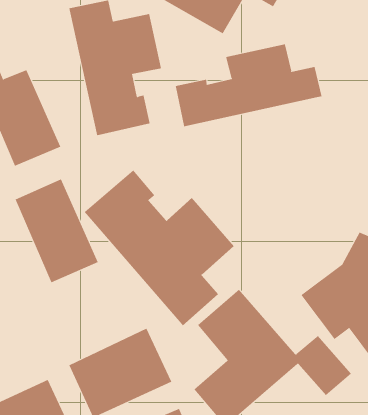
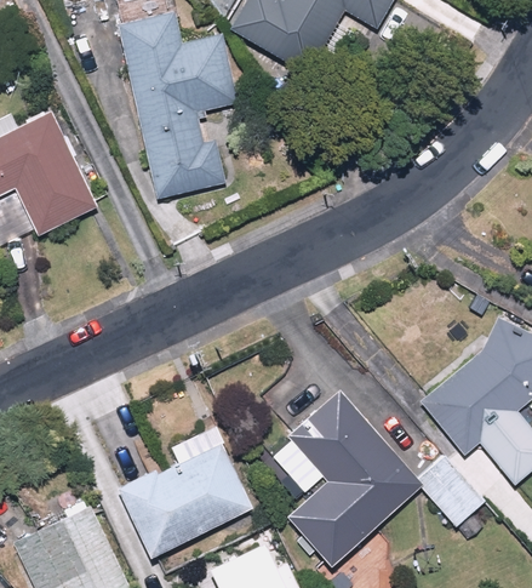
building: [175,44,322,127] -> none
building: [84,170,235,326] -> none
building: [15,178,98,283] -> none

